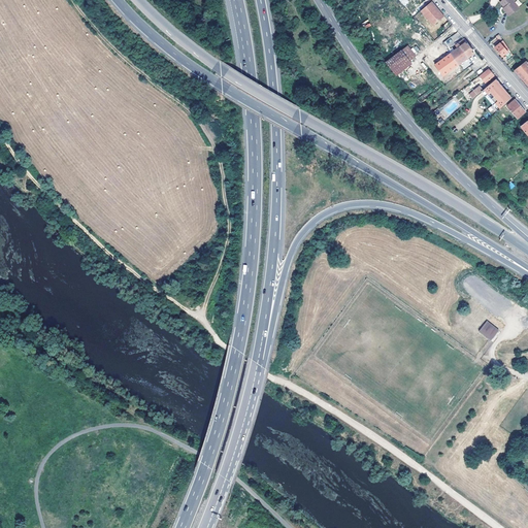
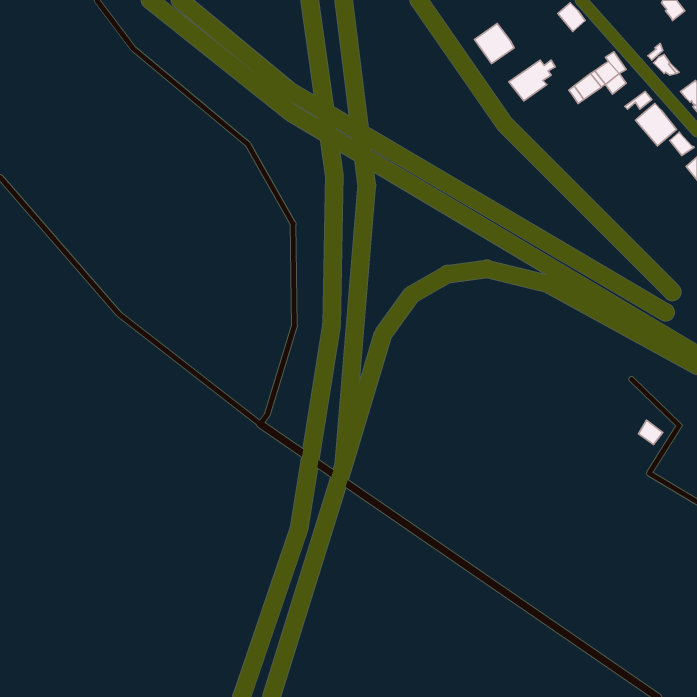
building: none -> [474,24,514,64]

